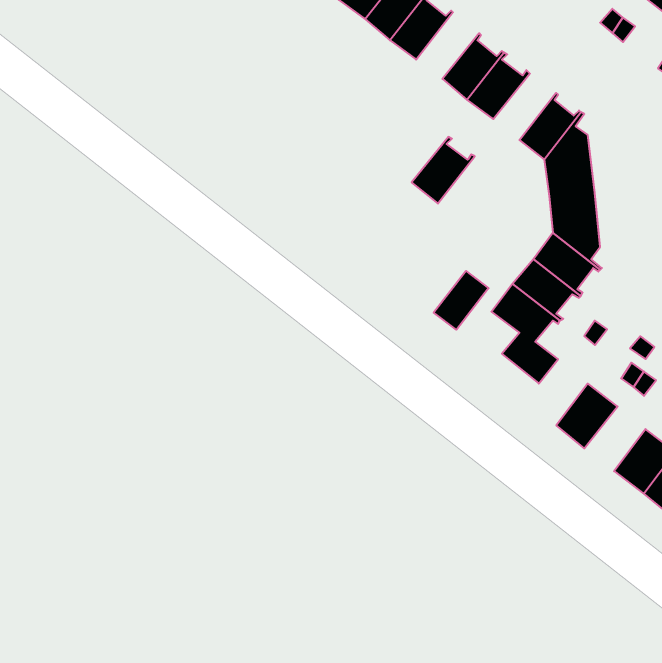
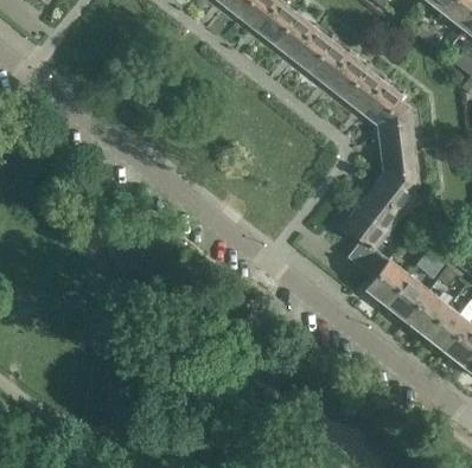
building: none -> [292,25,334,70]
building: [412,137,475,204] -> [344,66,387,111]
building: [434,271,489,330] -> none
building: none -> [365,259,408,304]
building: none -> [406,291,447,335]

